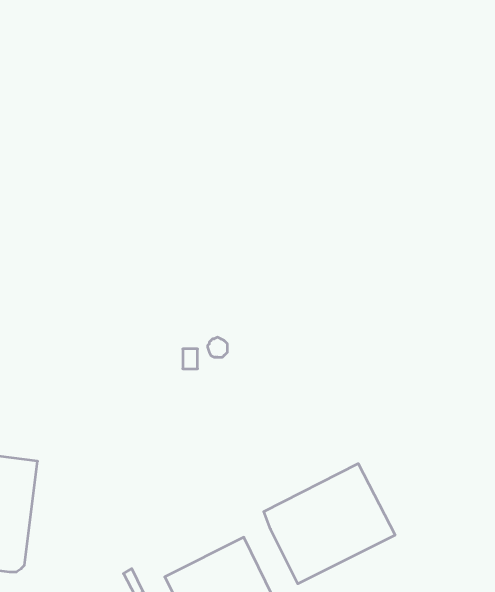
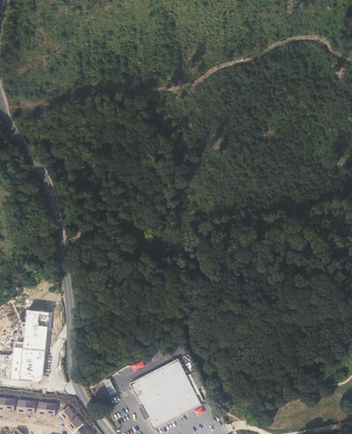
building: [264,464,395,584] -> none

